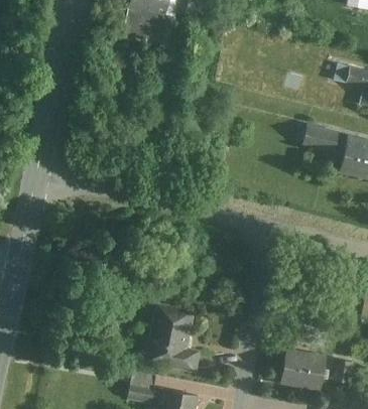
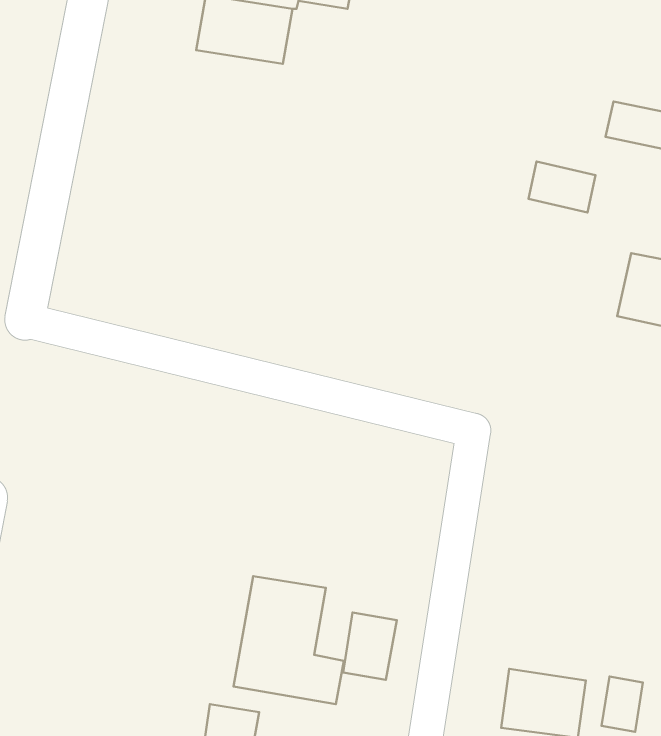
building: [304,125,339,151] -> [529,161,596,213]
building: none -> [343,613,397,680]

